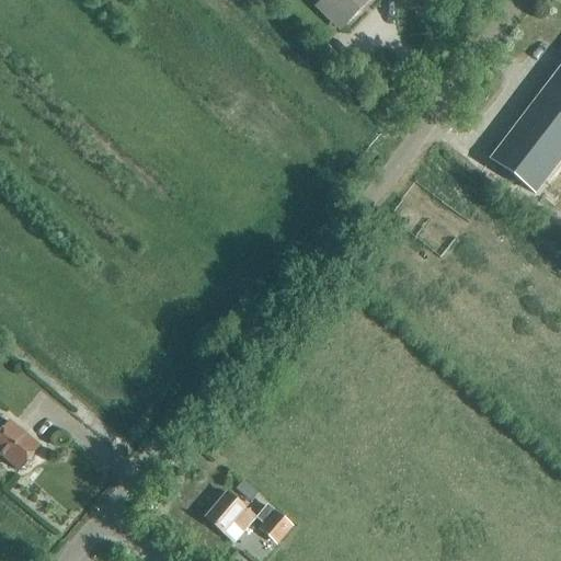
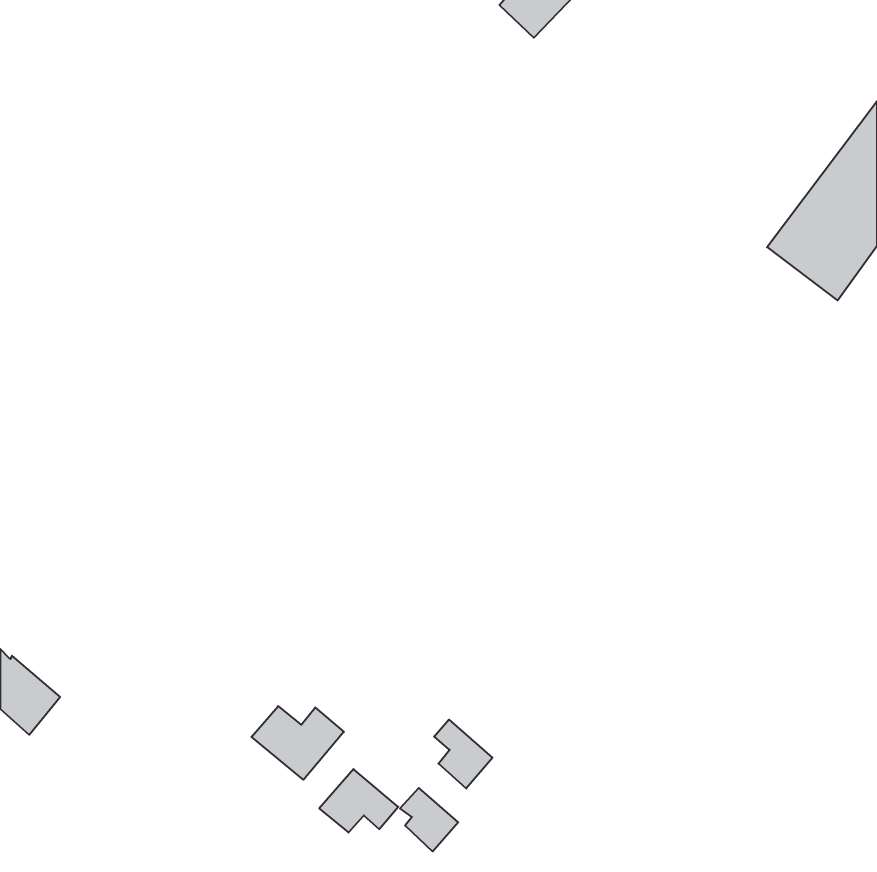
building: none -> [251,706,344,780]
building: none -> [434,720,492,789]

